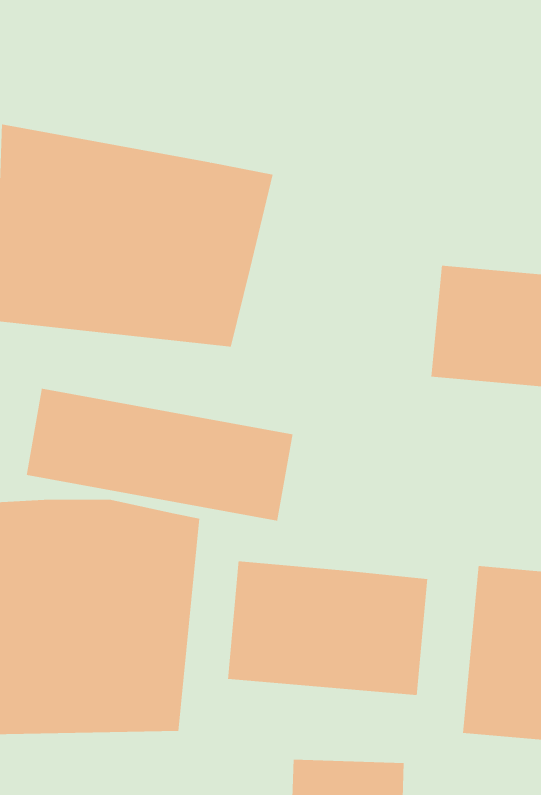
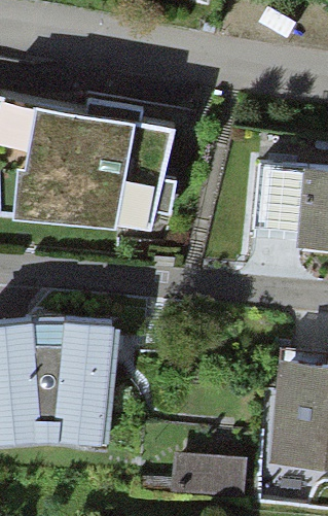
building: [26,388,293,522] -> none
building: [227,561,428,696] -> none

